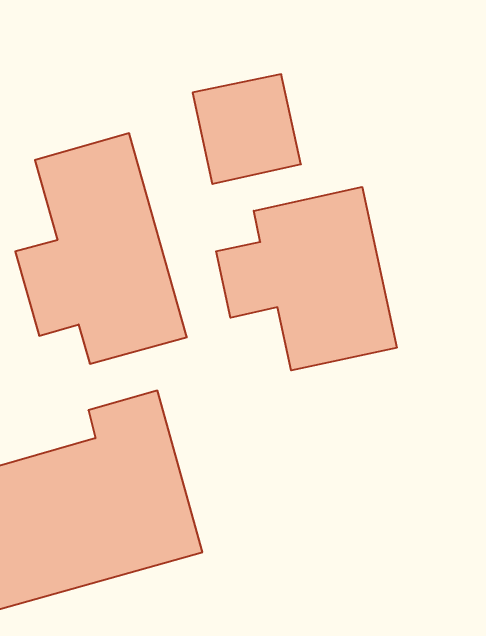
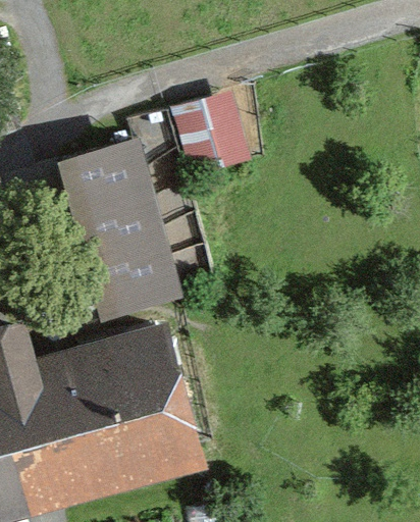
building: [216,187,397,370] -> none

